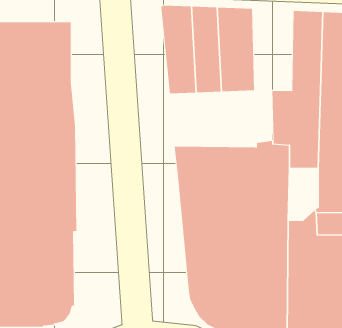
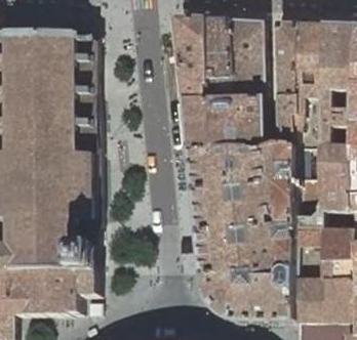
building: none -> [276,20,298,95]
building: none -> [184,95,264,147]

